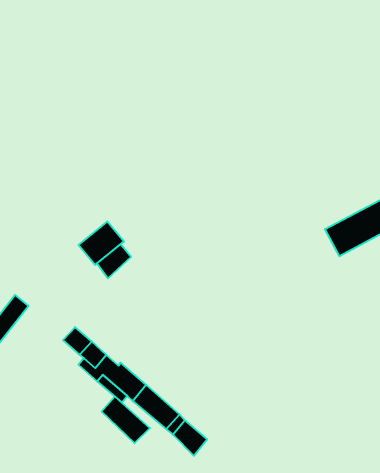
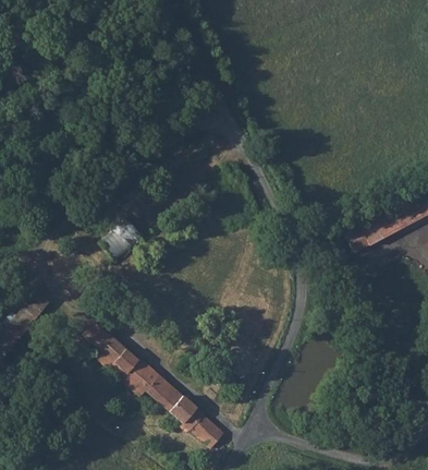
building: [97,244,131,278] -> none
building: [102,396,150,443] -> none

